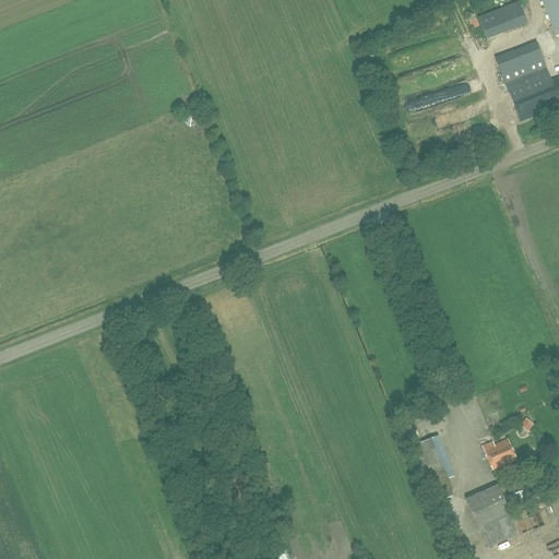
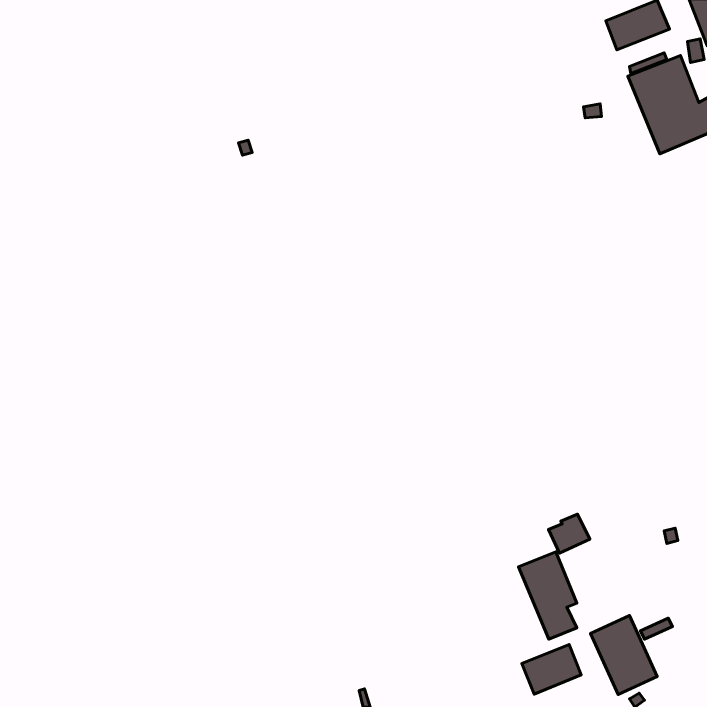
building: [485,439,518,469] -> [548,514,590,553]
building: none -> [522,644,581,694]

